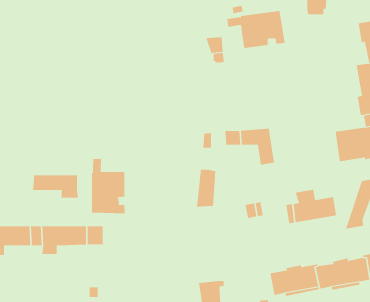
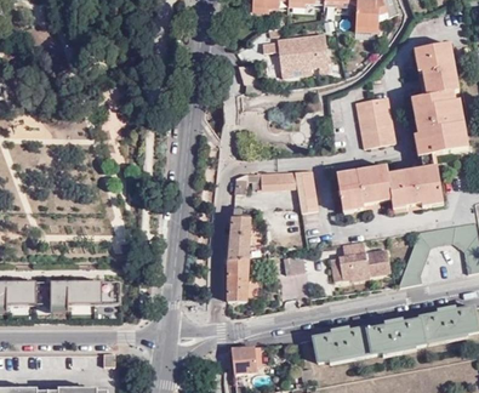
building: none -> [355,95,394,147]
building: none -> [336,165,390,211]
building: [91,158,125,214] -> none
building: [33,175,79,198] -> none
building: none -> [227,258,247,300]

